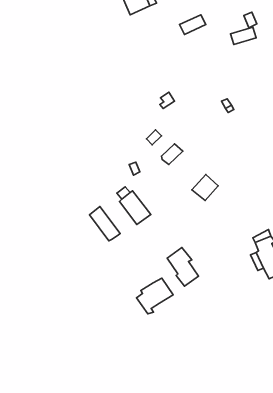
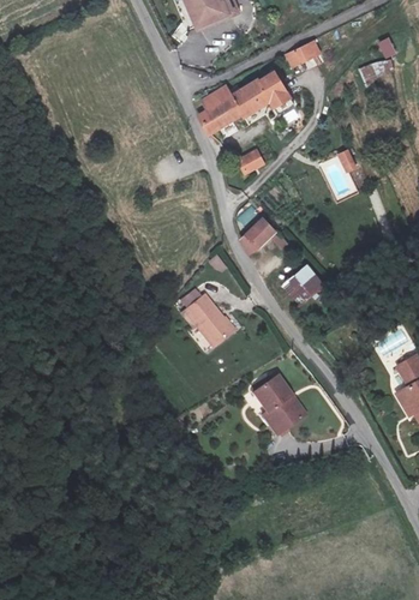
building: none -> [200,74,295,134]
building: [89,206,120,241] -> none
building: [137,278,173,314] -> none

